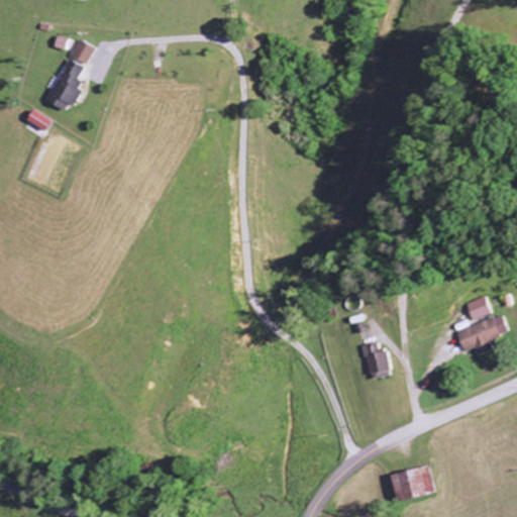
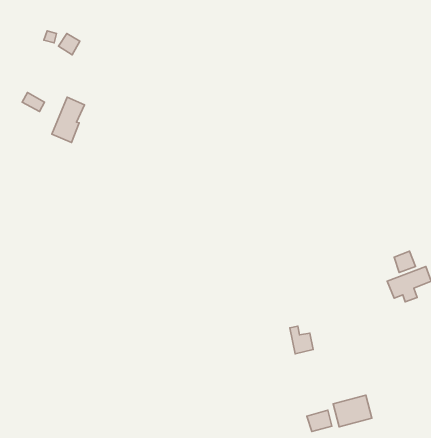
building: [46,58,85,111] -> [52,97,84,143]
building: [365,343,392,376] -> [290,326,313,354]
building: none -> [307,410,332,431]

